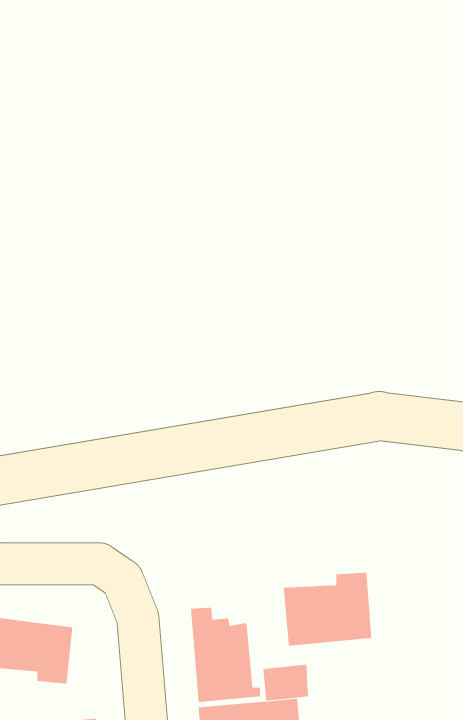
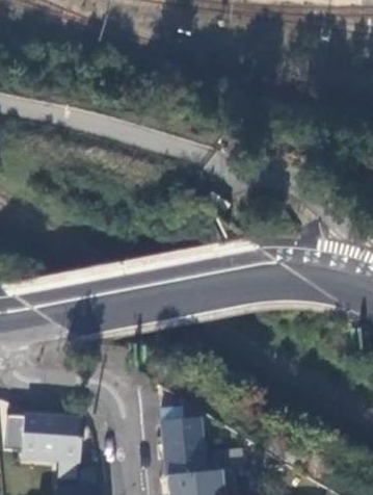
building: [283,572,372,646] -> none

